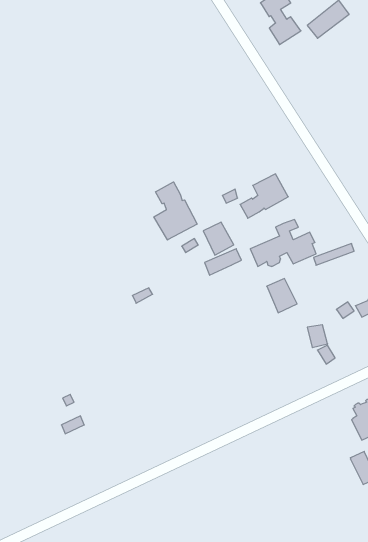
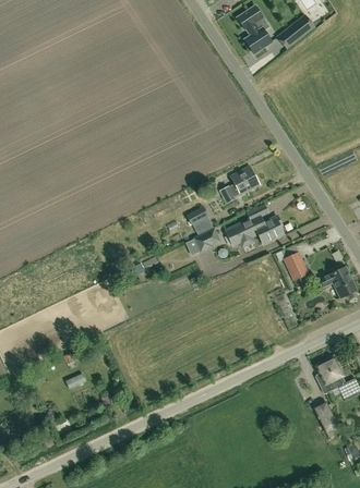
building: [154,182,197,240] -> none
building: [267,279,297,313] -> [284,252,310,281]

